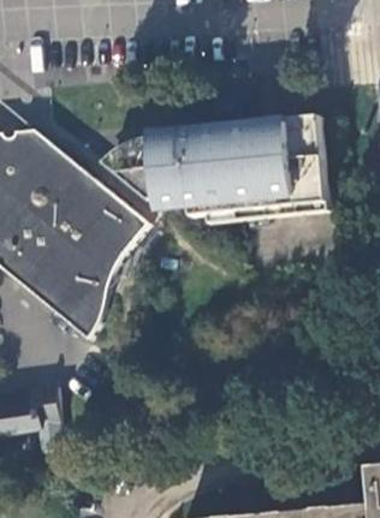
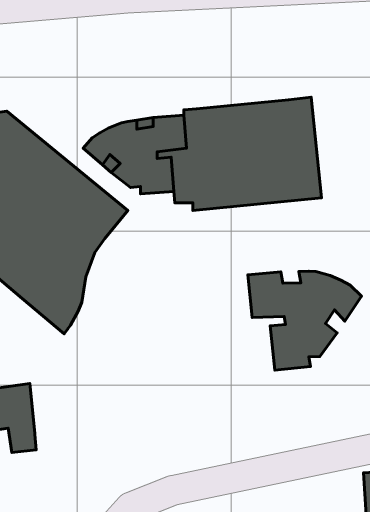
building: none -> [248,271,362,370]

